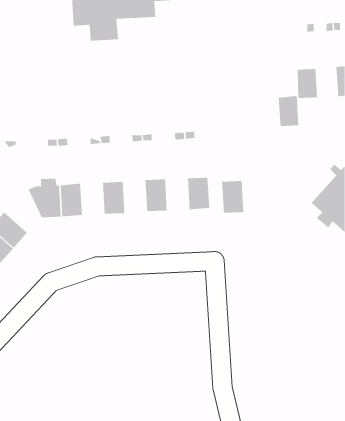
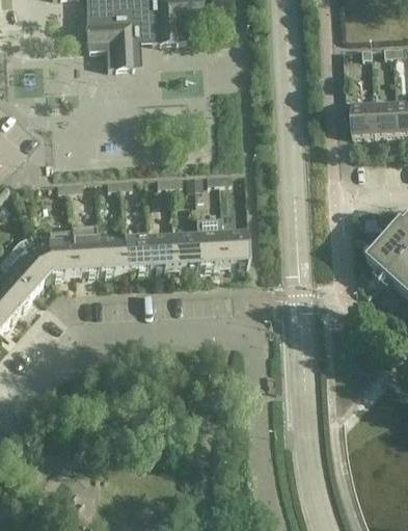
building: [278,96,299,126] -> [373,98,398,134]
building: none -> [146,231,173,270]
building: [221,181,244,213] -> [196,229,223,267]
building: none -> [97,234,124,272]
building: none -> [6,242,50,293]

